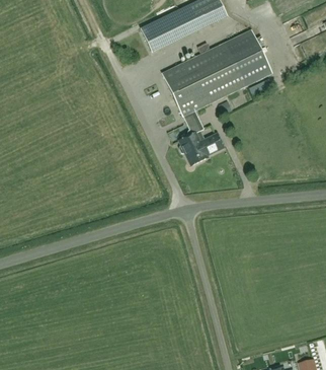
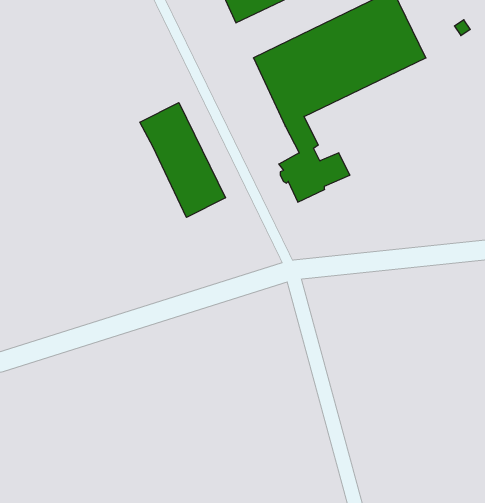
building: none -> [140,103,225,217]

